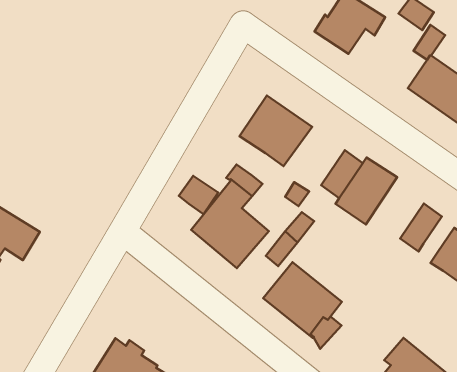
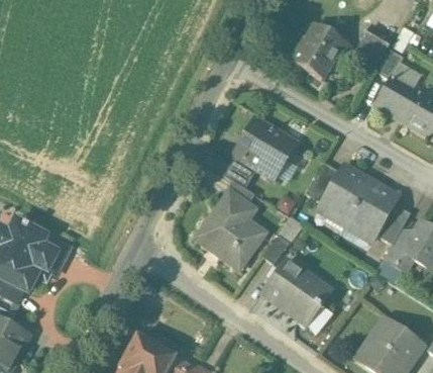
building: [179,176,218,214] -> [222,154,255,186]
building: none -> [345,180,397,238]
building: none -> [384,236,414,270]

